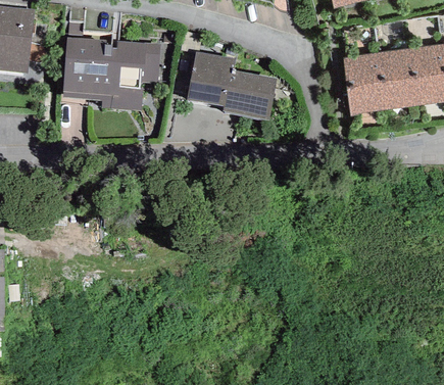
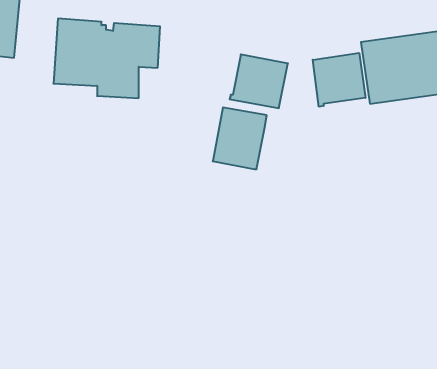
building: [186,50,235,106] -> [213,107,267,169]
building: none -> [313,53,365,107]

